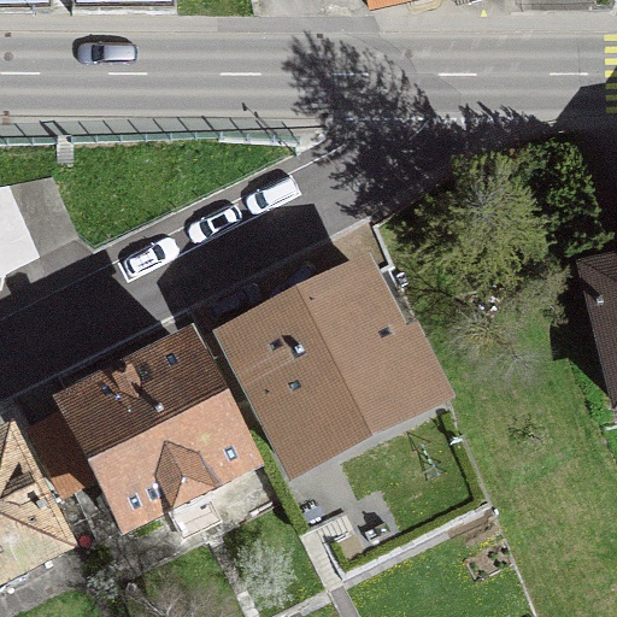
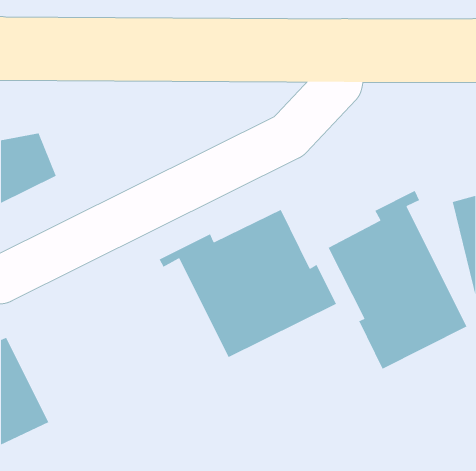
building: none -> [328,190,467,370]
building: [33,345,249,525] -> none

